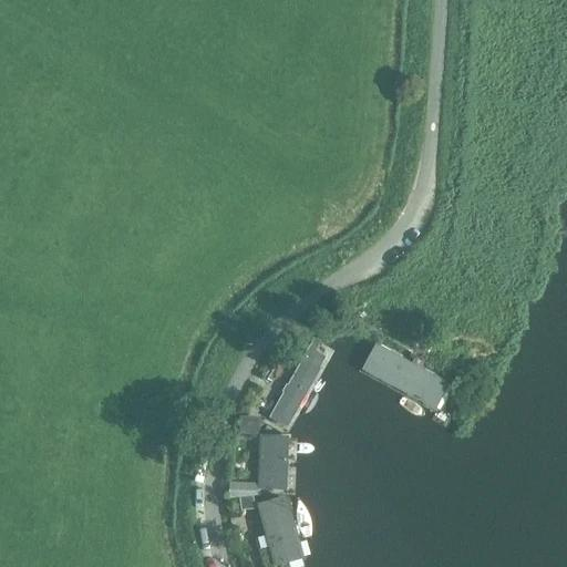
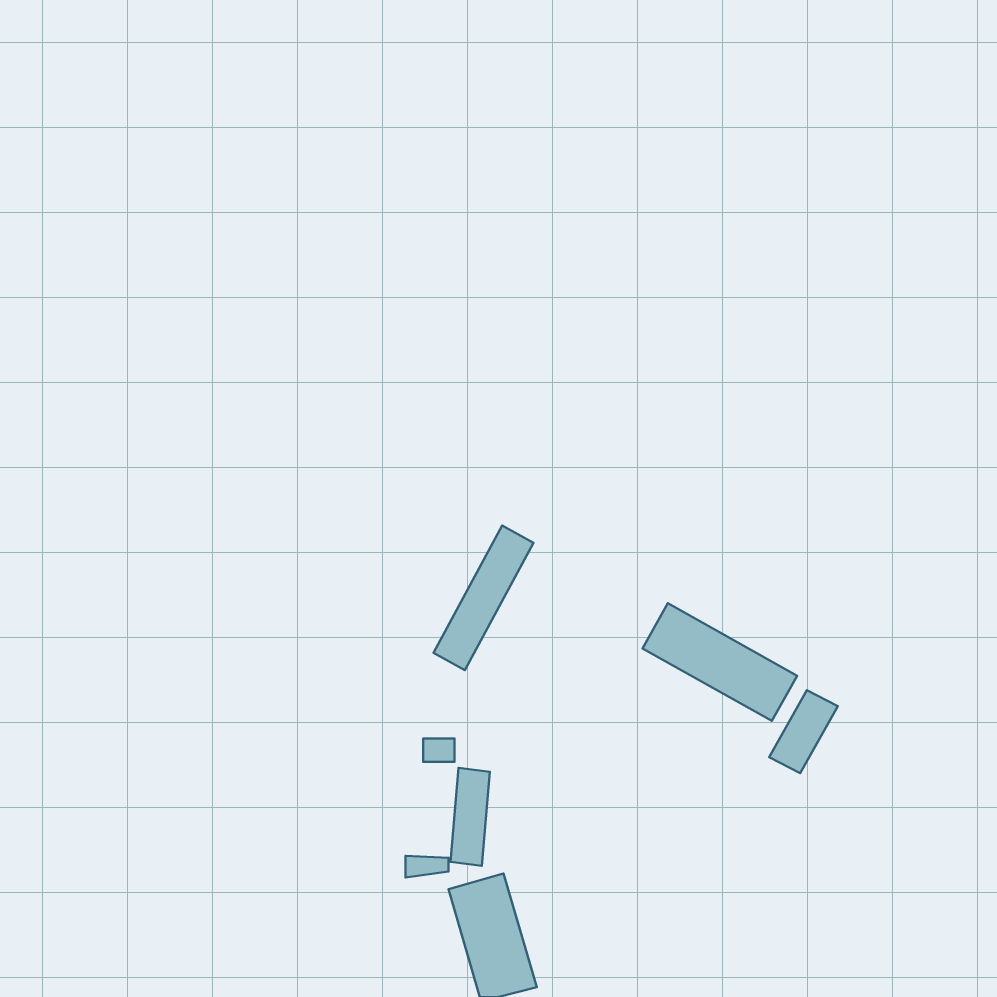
building: [270,346,327,427] -> [434,525,533,670]
building: none -> [769,690,838,773]

